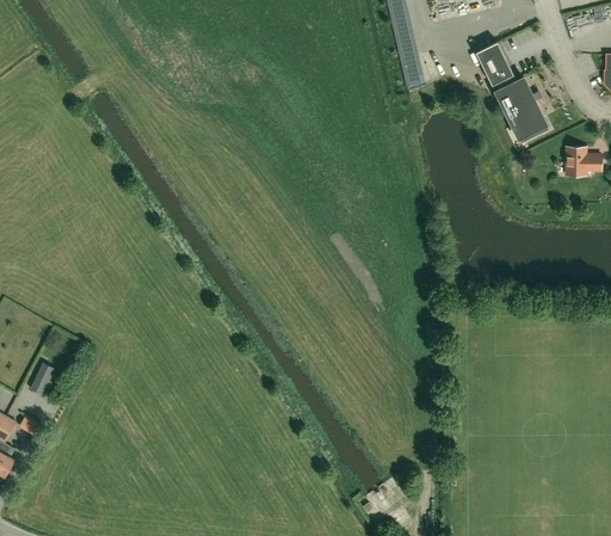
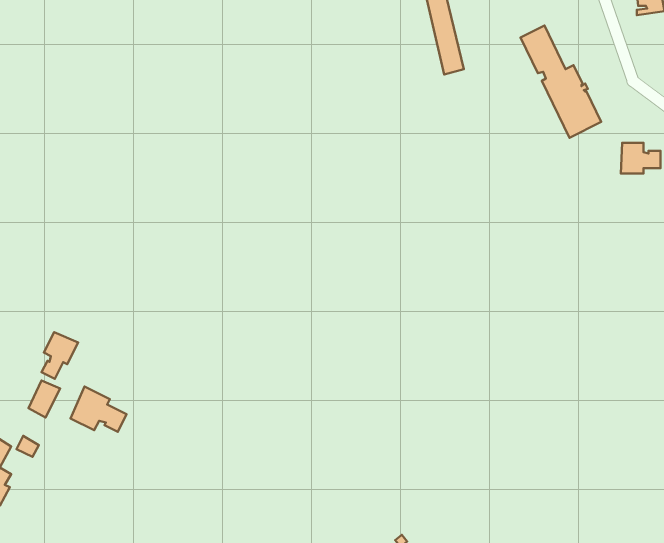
building: none -> [42,332,78,379]
building: none -> [70,386,127,432]

